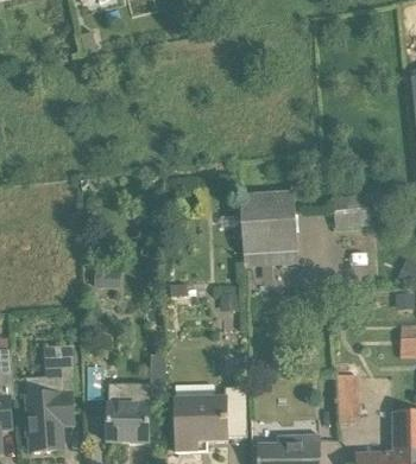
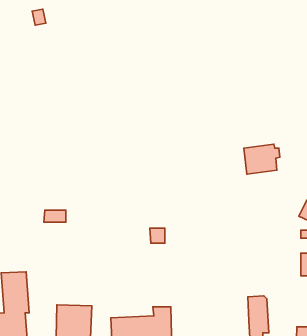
building: [240,190,297,263] -> none

